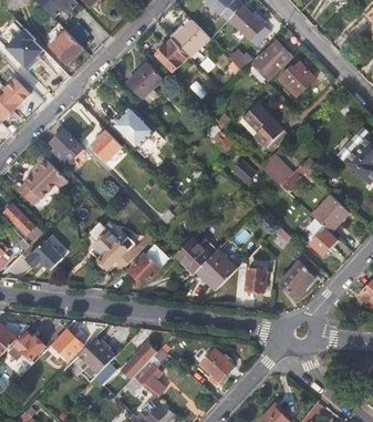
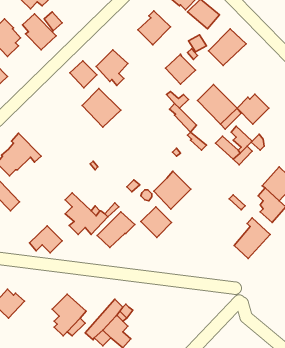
building: [155,39,188,72] -> [166,54,195,84]
building: [278,62,313,95] -> [237,94,269,124]
building: [49,130,82,161] -> none
building: [91,131,121,161] -> [70,61,97,88]
building: [24,240,61,270] -> [29,226,62,253]
building: [196,248,237,290] -> [154,171,191,209]
building: [245,268,272,290] -> none
building: [52,328,84,359] -> none
building: [199,347,235,384] -> none

